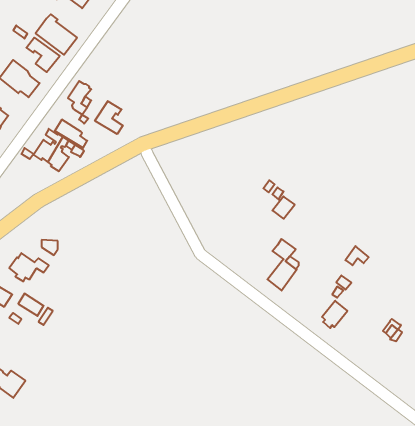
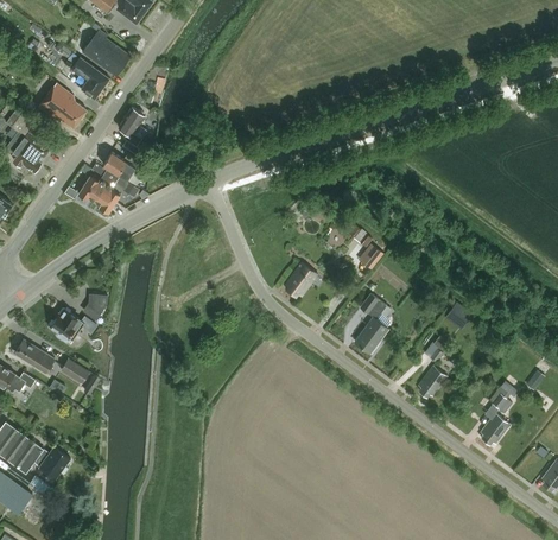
building: [95,101,123,134] -> none
building: none -> [285,263,317,297]
building: none -> [480,413,509,445]

